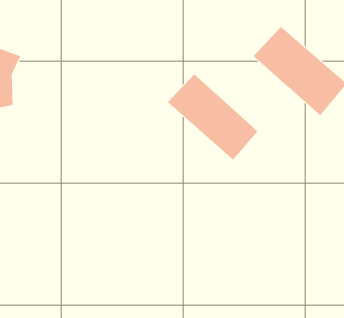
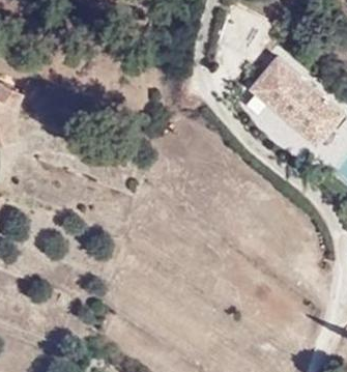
building: [167,73,258,161] -> none

